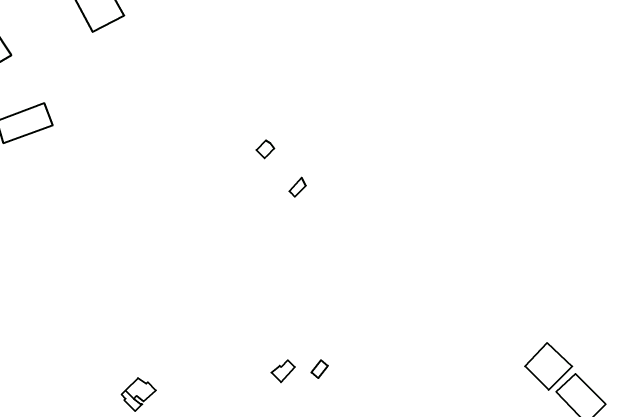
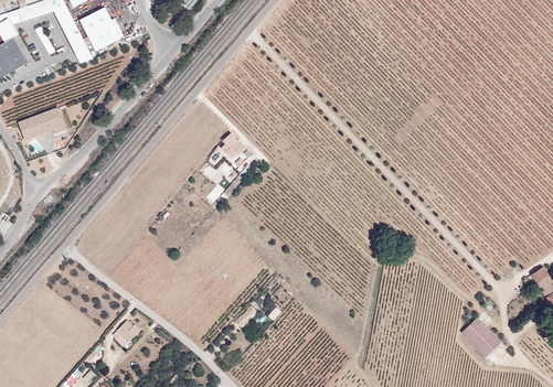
building: [525,343,572,390] -> none

